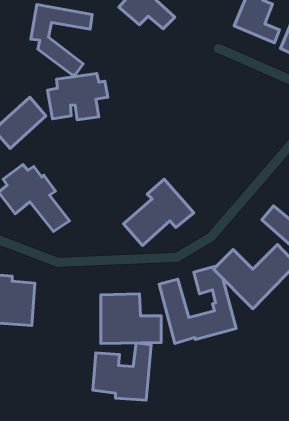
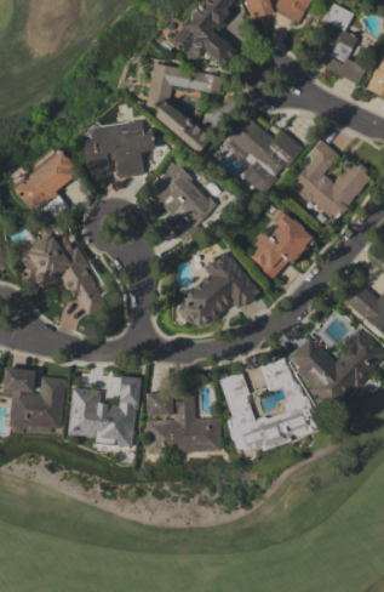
building: [31,5,92,75] -> [147,63,222,149]
building: none -> [223,115,302,193]
building: none -> [291,138,372,221]
building: none -> [149,164,217,240]
building: none -> [250,209,313,278]
building: [93,343,151,400] -> [68,375,139,445]

